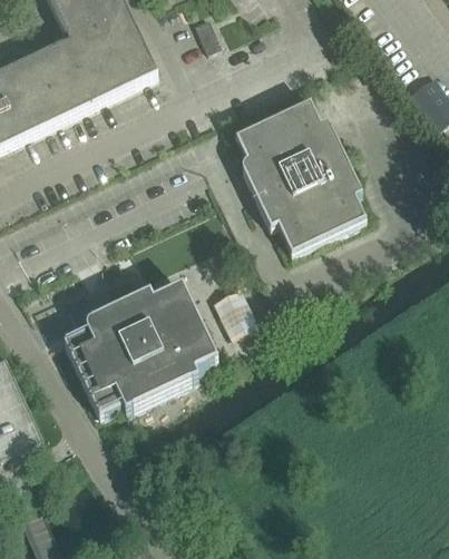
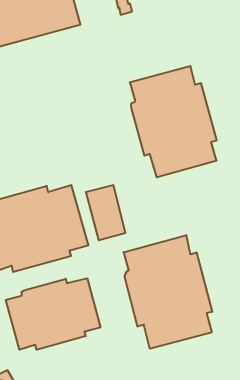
building: none -> [124,235,212,349]
building: none -> [6,278,100,350]

